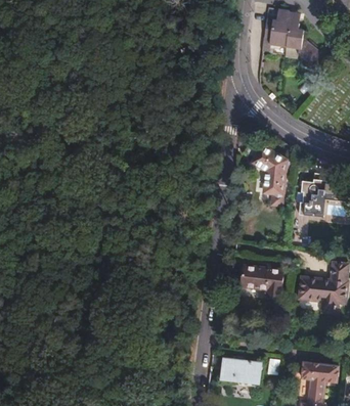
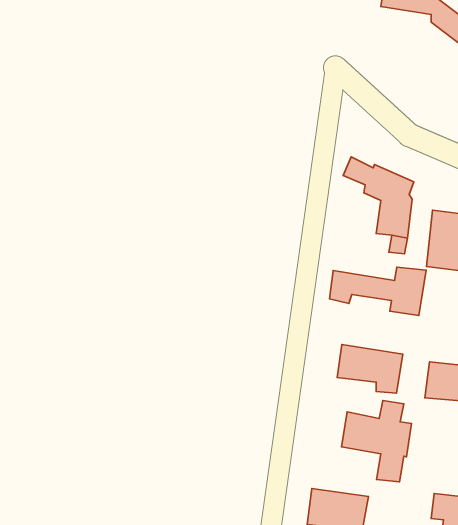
building: none -> [329,267,426,315]
building: none -> [342,400,412,482]

